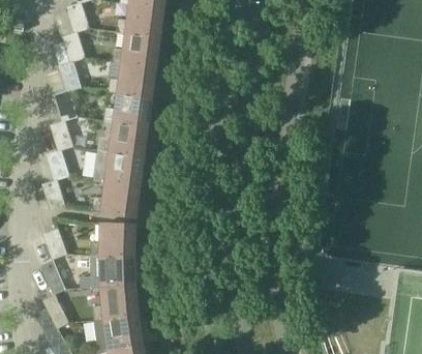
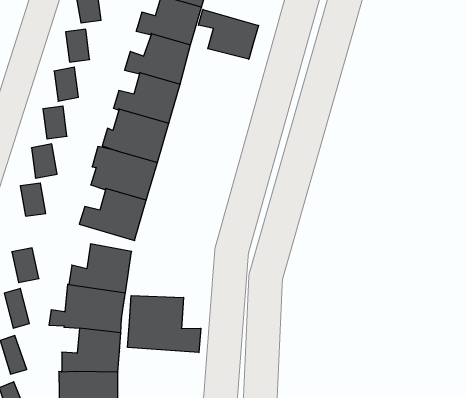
building: none -> [198,9,259,59]
building: none -> [128,296,201,353]

